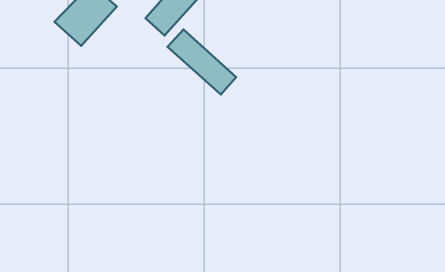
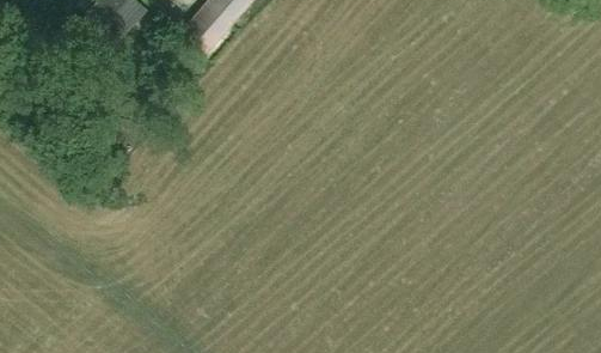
building: [167,29,236,94] -> none

